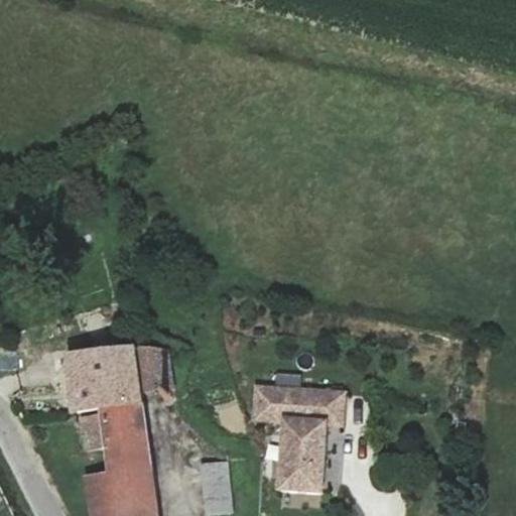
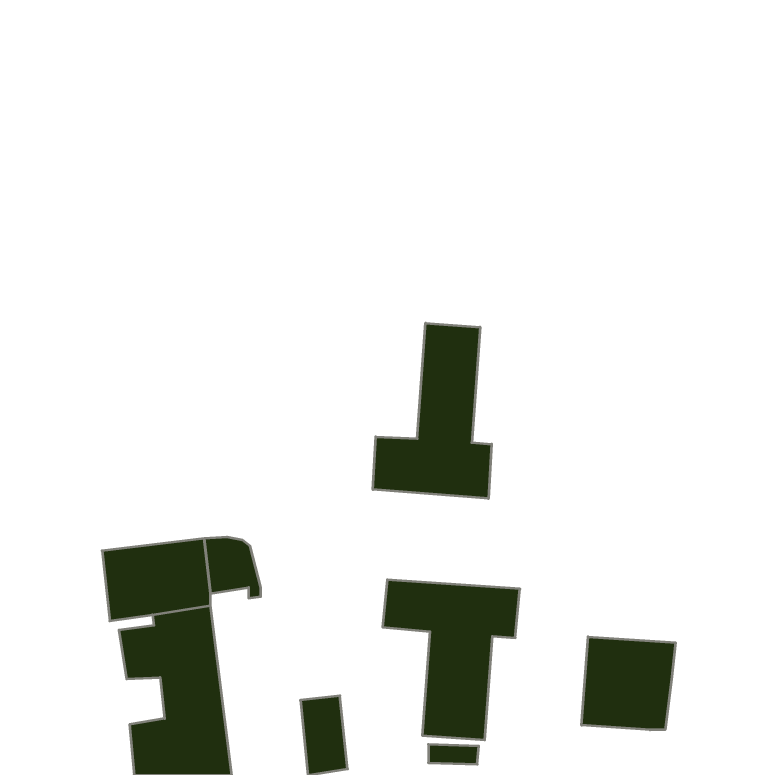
building: none -> [373,323,492,499]
building: none -> [582,637,675,730]

